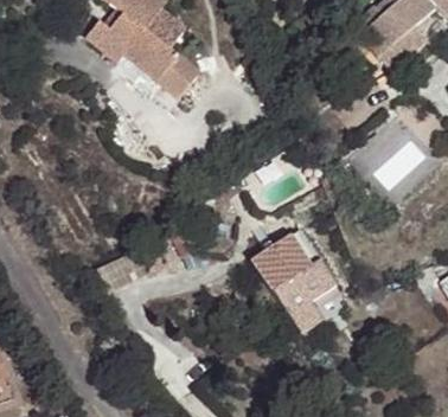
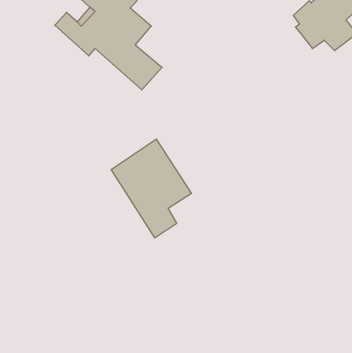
building: [250,222,340,332] -> [111,139,192,238]

